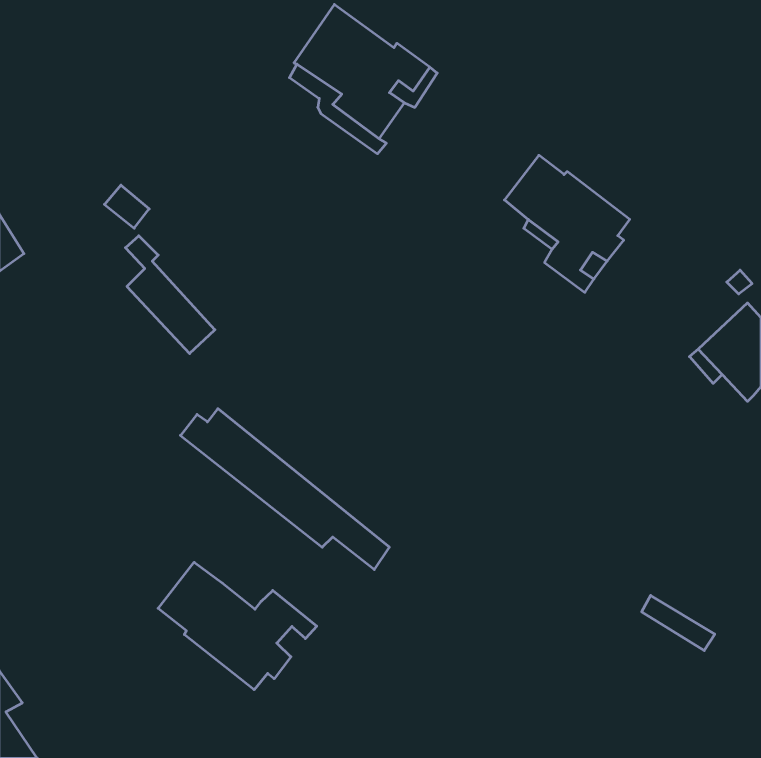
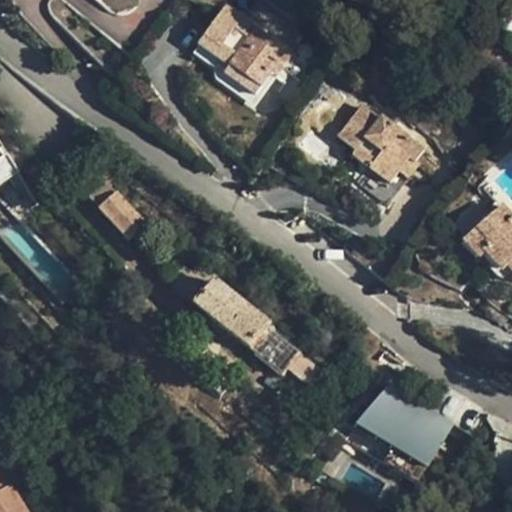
building: [180,409,389,570] -> [186,278,326,386]
building: [158,562,317,690] -> none
building: none -> [354,387,449,466]

